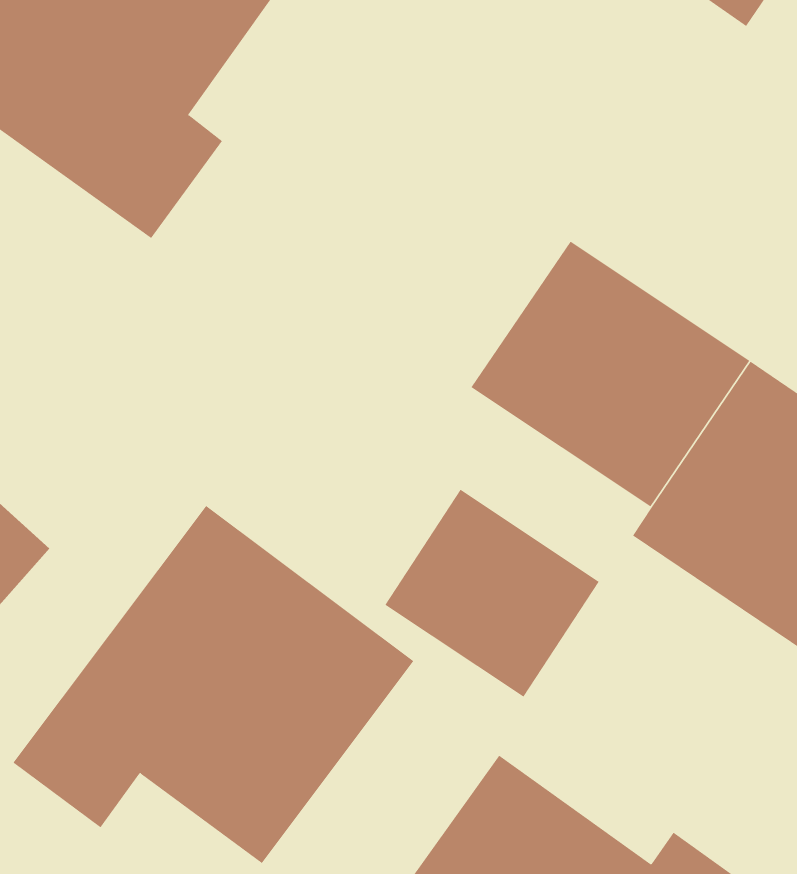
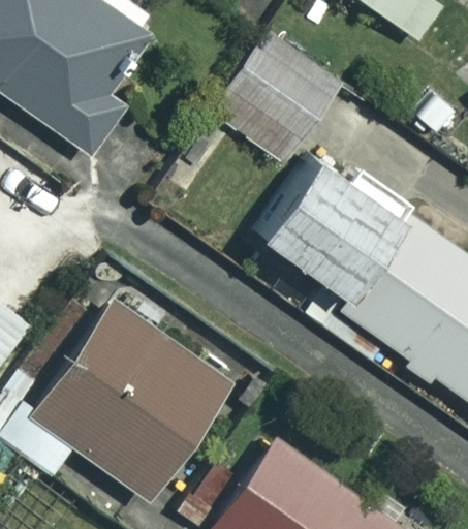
building: none -> [219,35,341,156]
building: [385,489,599,698] -> none

